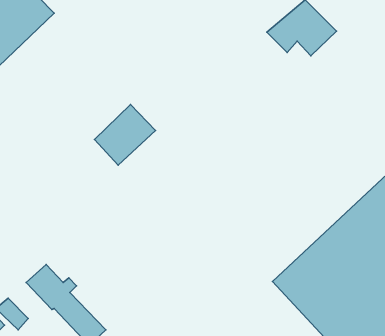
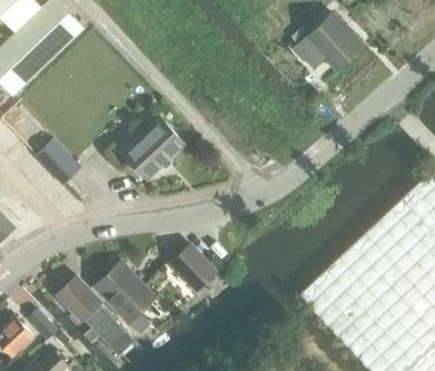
building: none -> [34,136,79,182]
building: none -> [169,245,215,291]
building: none -> [95,264,154,331]

